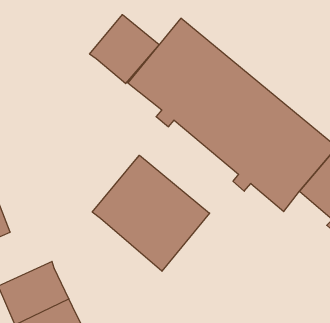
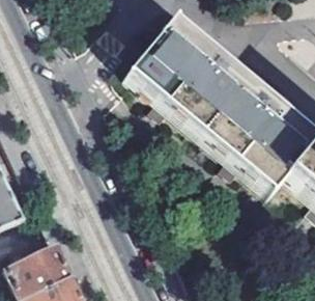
building: [90,15,159,84] -> none
building: [92,155,210,271] -> none

